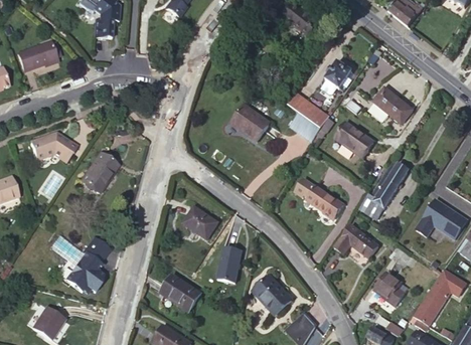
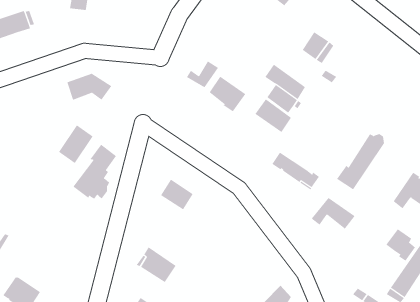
building: [371,89,413,124] -> none
building: none -> [186,61,219,88]
building: [335,123,372,157] -> [255,99,292,133]
building: [32,134,77,161] -> [67,73,112,100]
building: [66,237,111,293] -> [72,144,117,200]
building: [217,246,242,283] -> none
building: [374,273,405,306] -> [385,228,416,262]
building: [253,276,292,316] -> none

